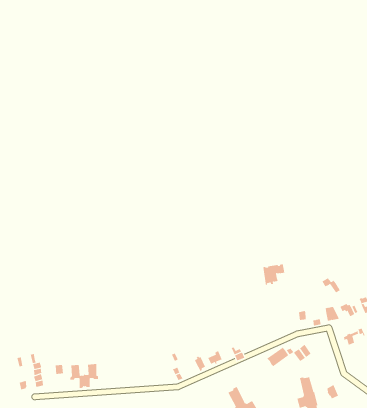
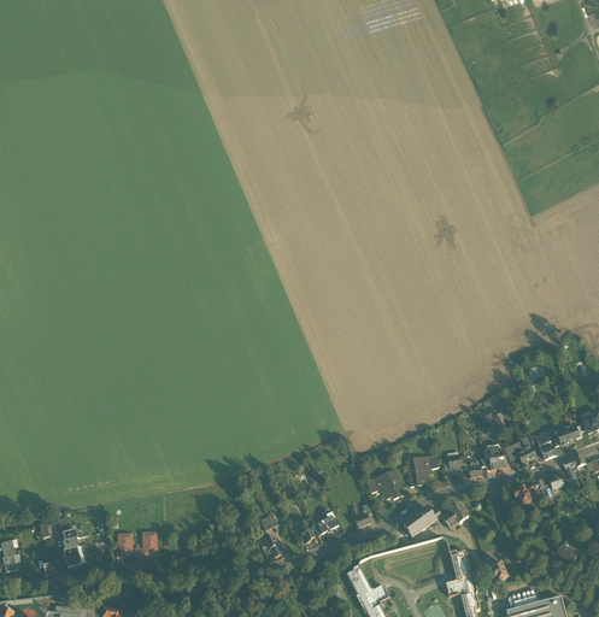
building: [263,264,285,285] -> [406,454,439,486]
building: none -> [366,469,405,499]

